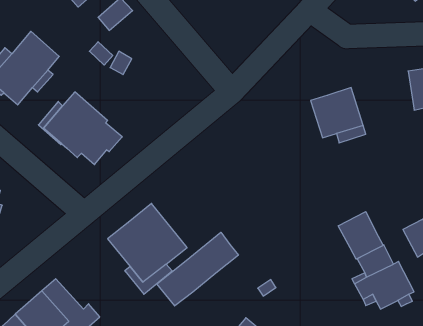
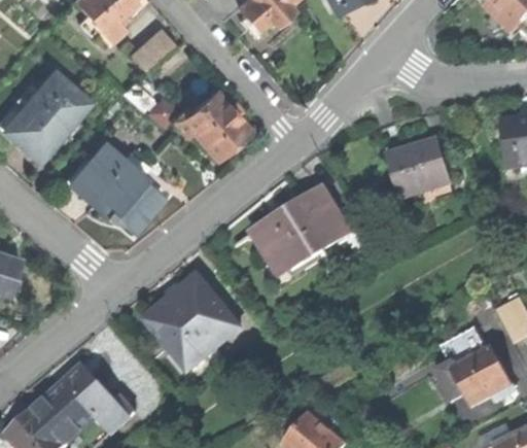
building: none -> [173,92,250,159]
building: none -> [253,189,349,281]
building: [338,212,383,259] -> none
building: [157,232,238,306] -> none

